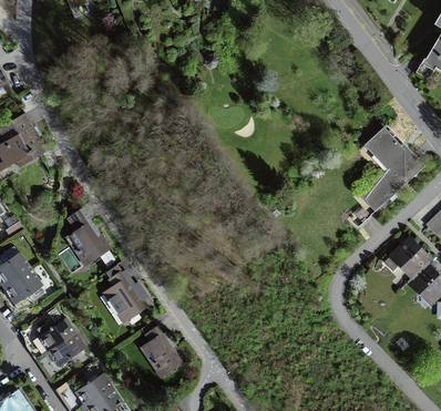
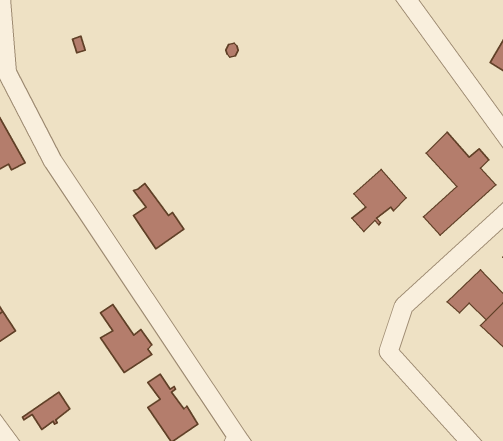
building: none -> [352,170,406,231]
building: [71,209,111,261] -> [134,183,184,249]
building: [33,320,74,353] -> none

